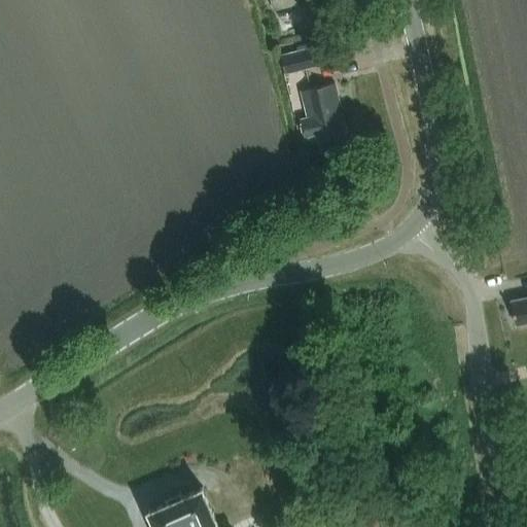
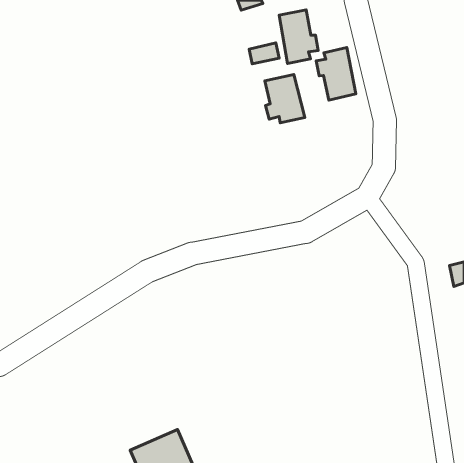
building: none -> [279,10,318,63]
building: none -> [316,48,356,100]

